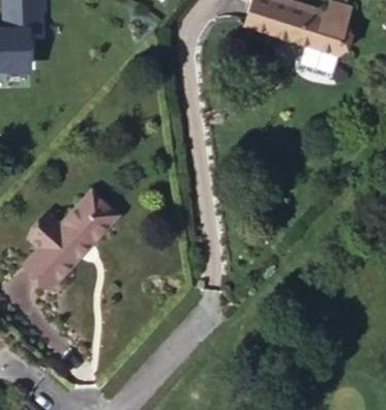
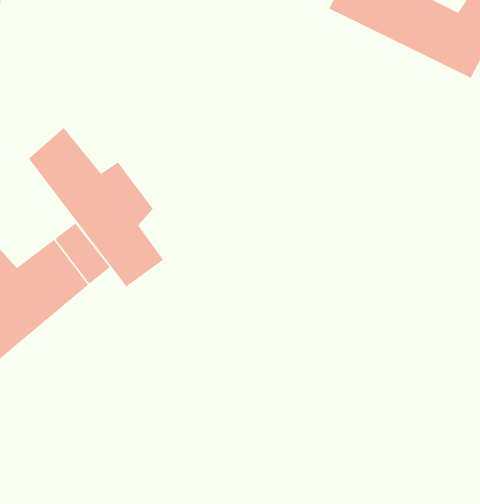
building: none -> [28,127,164,287]

